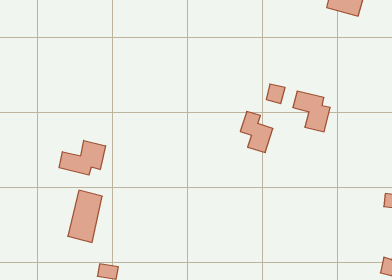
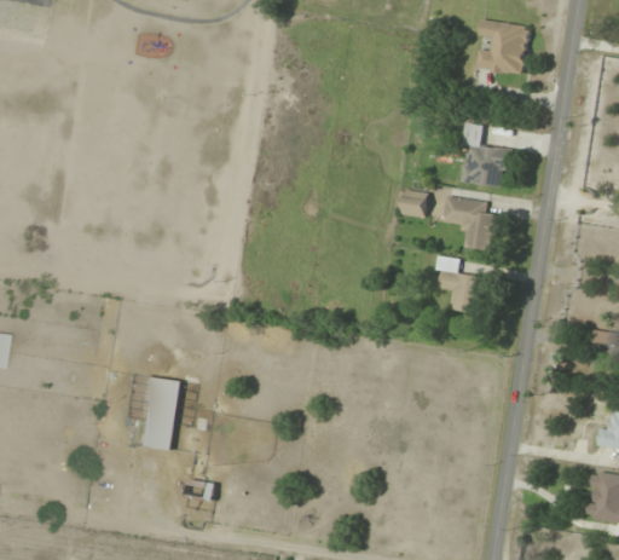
building: none -> [461,121,514,186]
building: [240,111,273,153] -> [436,255,484,312]
building: [59,140,106,175] -> none

